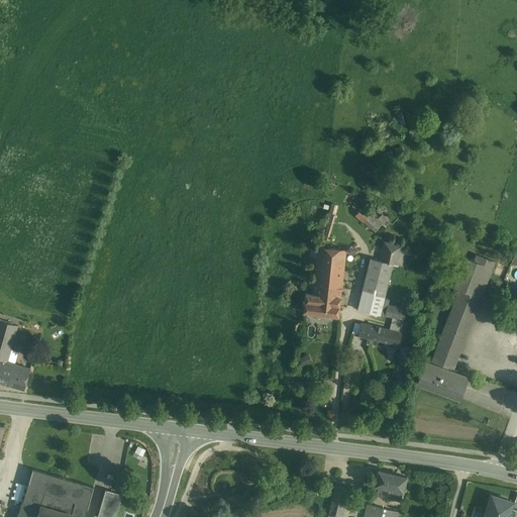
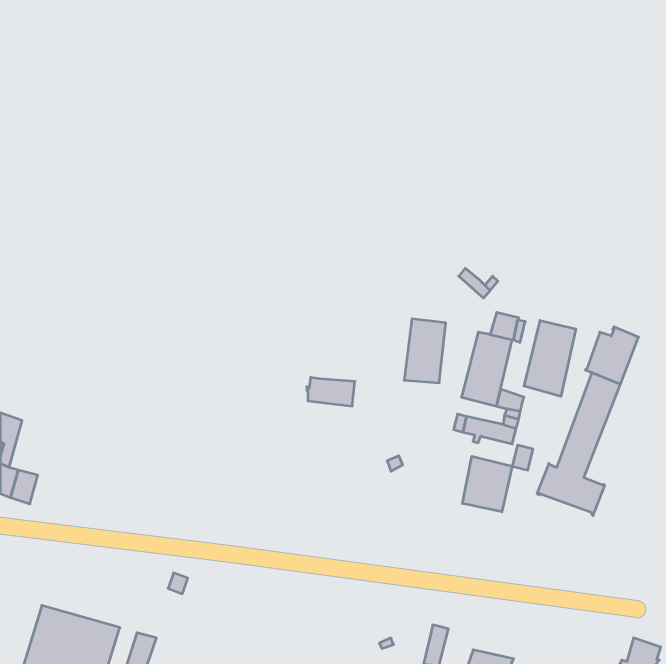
building: none -> [524,320,576,396]
building: [303,295,340,317] -> [307,377,355,406]
building: none -> [463,456,512,512]
building: [375,472,406,502] -> none

